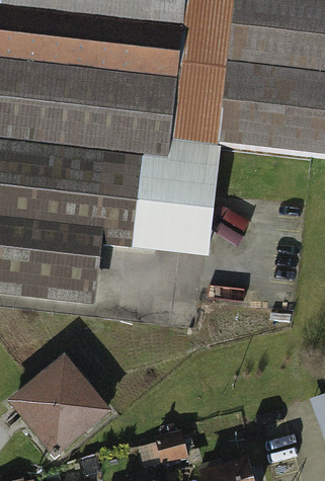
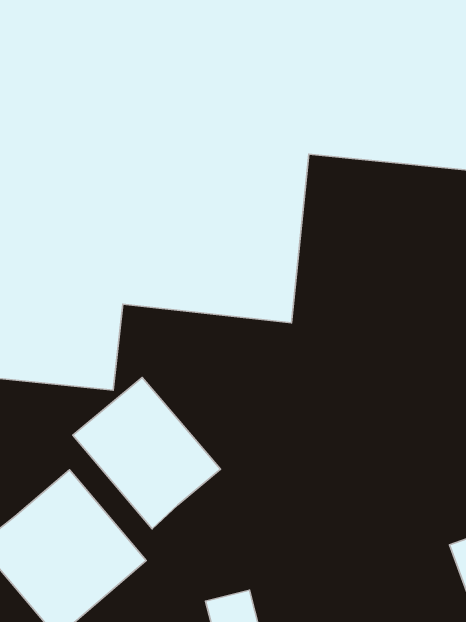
building: none -> [73,377,220,529]

